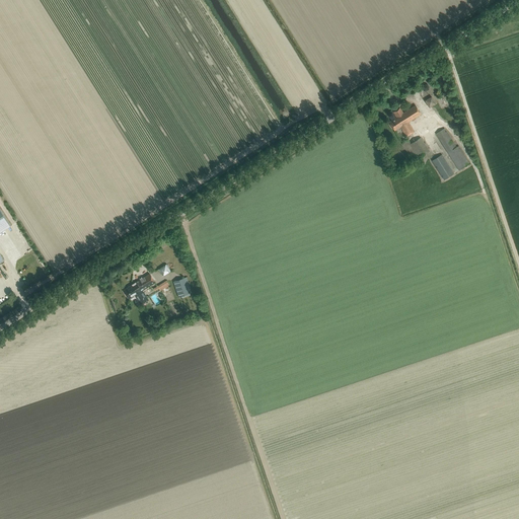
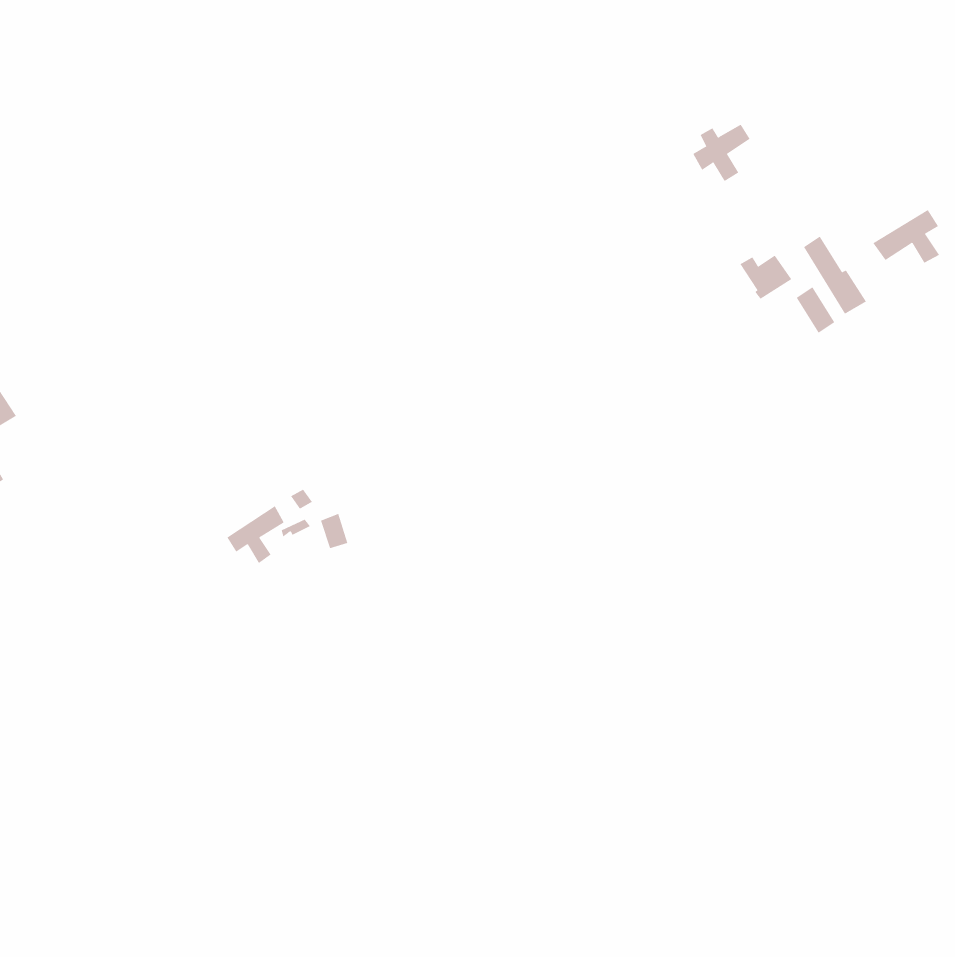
building: [388,105,420,137] -> [692,124,750,182]
building: none -> [873,209,940,264]

